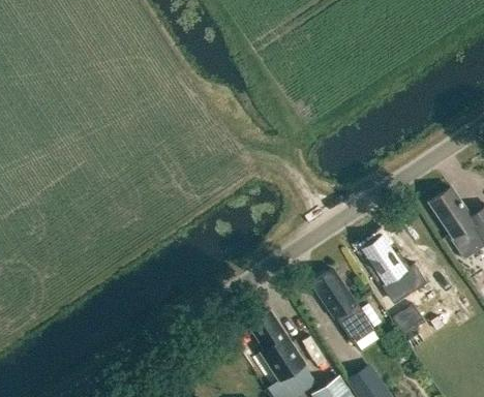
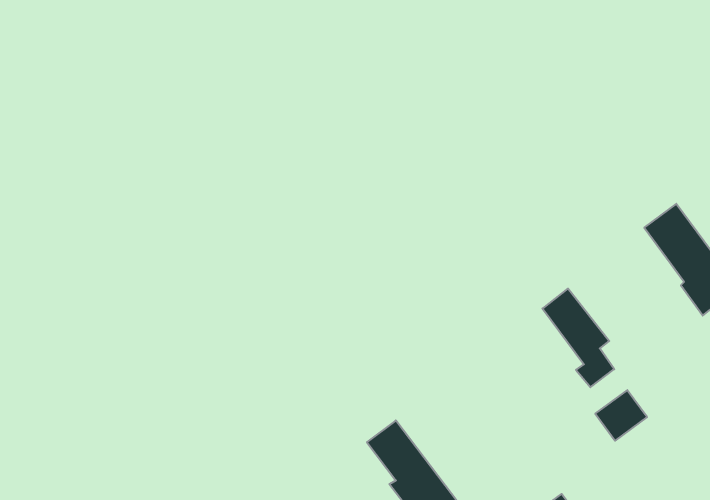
building: [312,270,376,345] -> none

